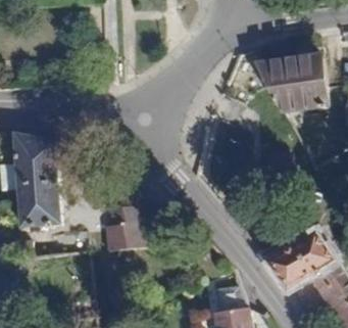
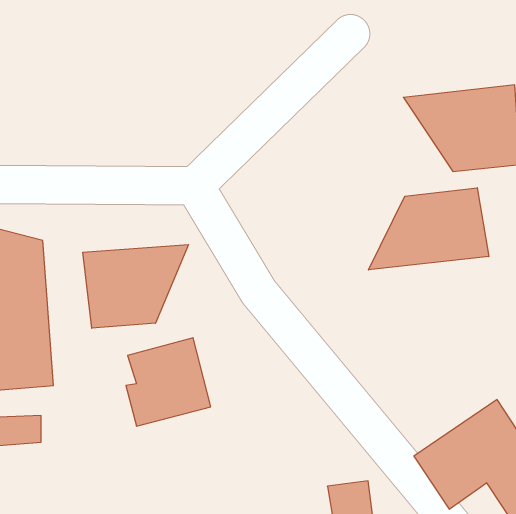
building: none -> [369,188,489,270]
building: none -> [83,245,188,328]

